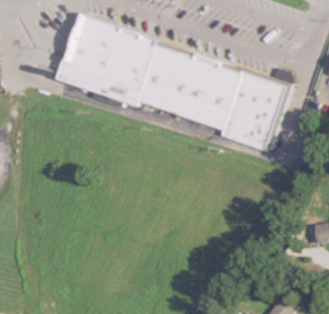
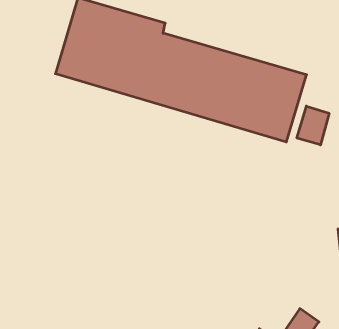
building: none -> [297,106,329,145]

